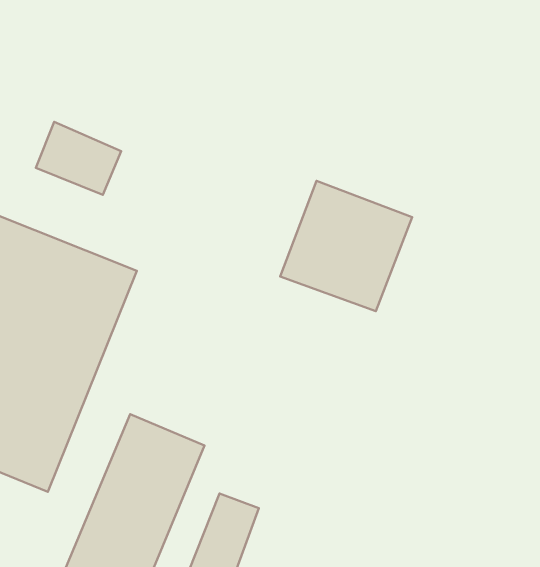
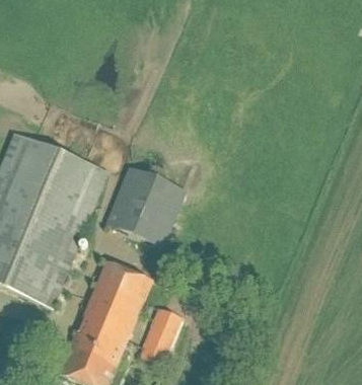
building: [36,122,121,195] -> none
building: [280,181,412,311] -> [105,165,187,245]

